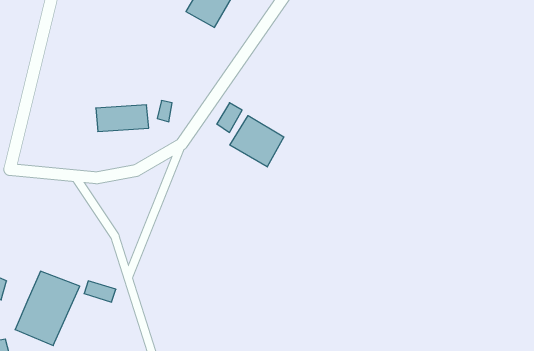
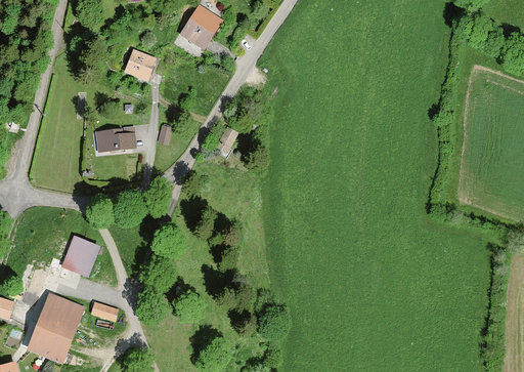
building: none -> [124,54,160,88]
building: [230,116,284,167] -> none
building: none -> [57,232,94,274]

